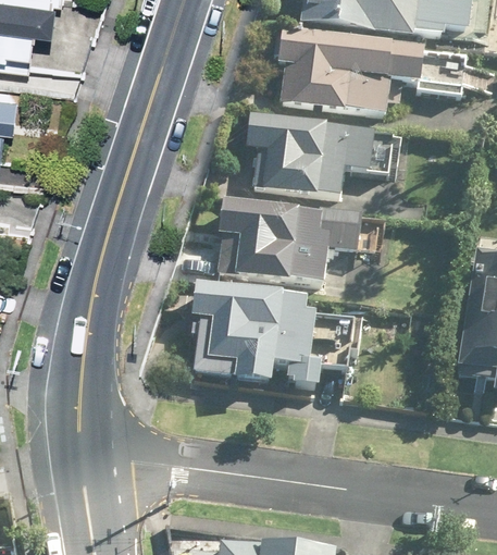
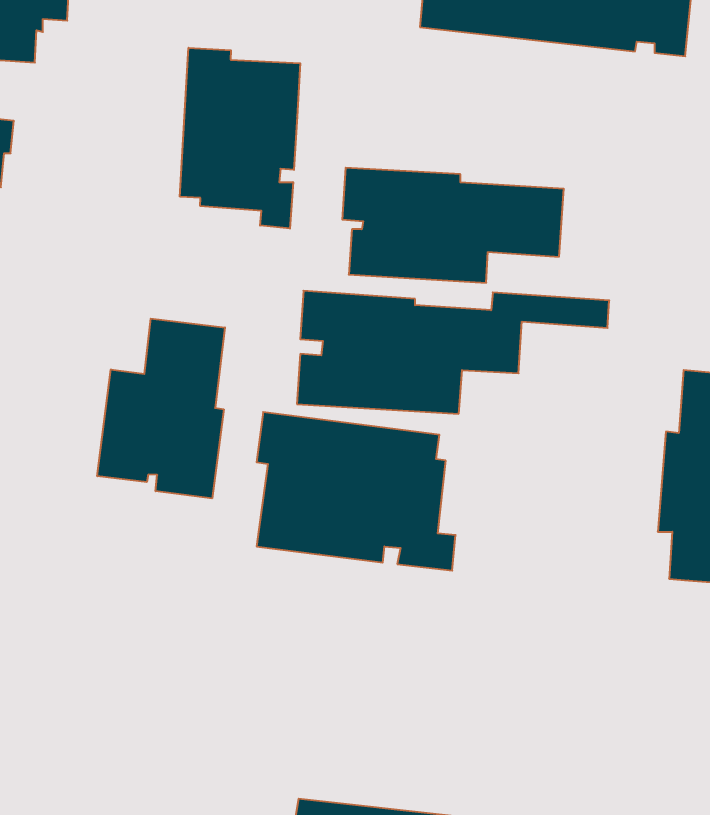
building: [274,26,467,119] -> none
building: none -> [180,48,300,229]
building: none -> [97,319,225,498]

